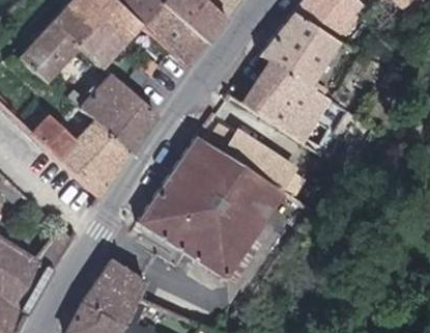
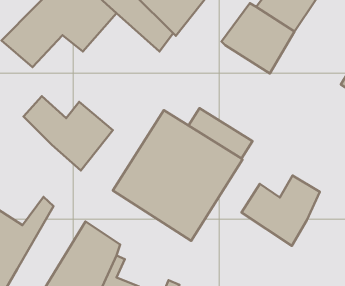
building: [235,58,335,145] -> none
building: [73,75,163,155] -> none
building: none -> [242,176,320,246]

